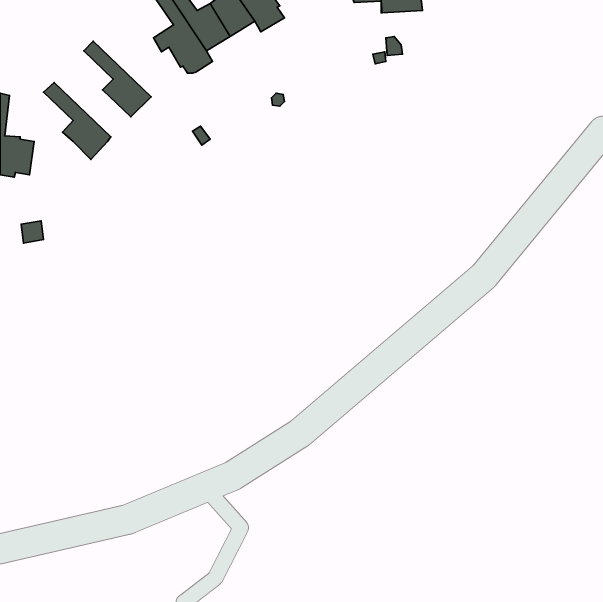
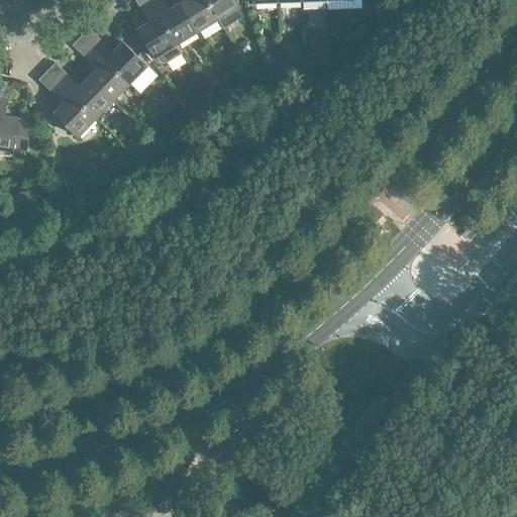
building: none -> [80,27,145,83]
building: none -> [46,62,112,117]

